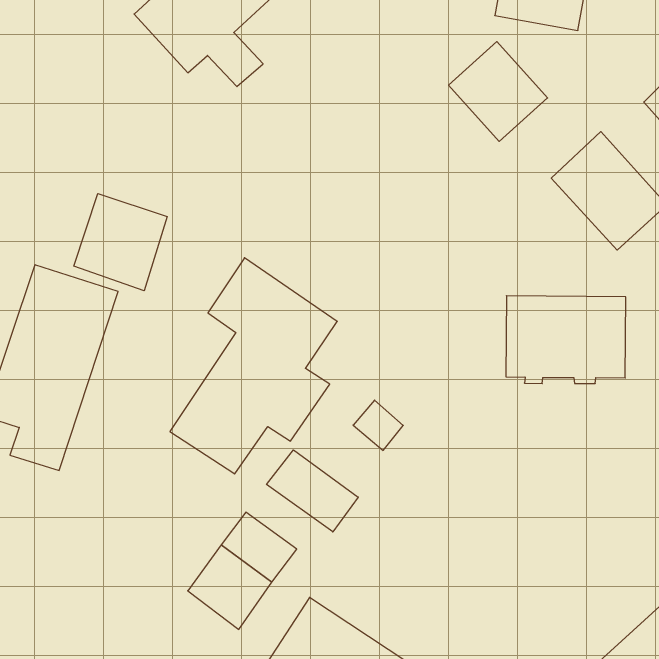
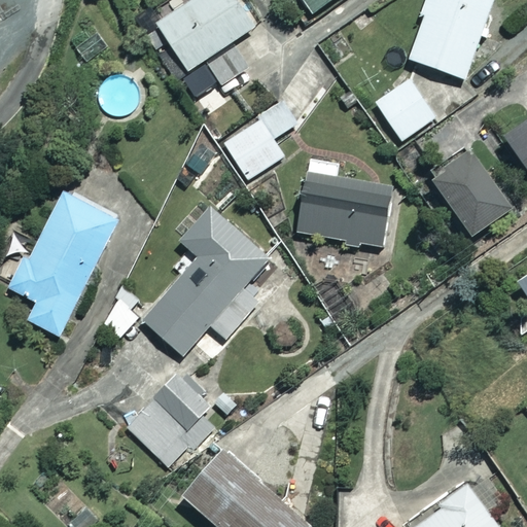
building: none -> [224,120,283,179]
building: [74,194,167,291] -> none
building: [506,296,626,384] -> [297,174,389,244]
building: [267,450,358,532] -> none

